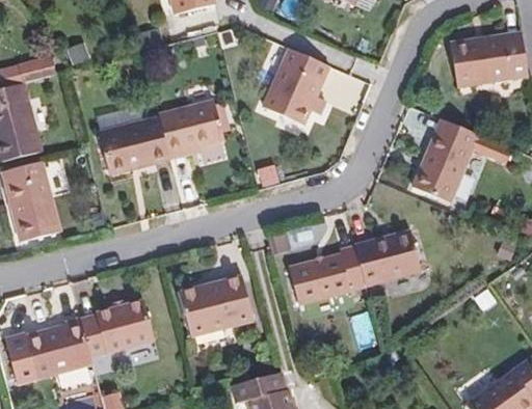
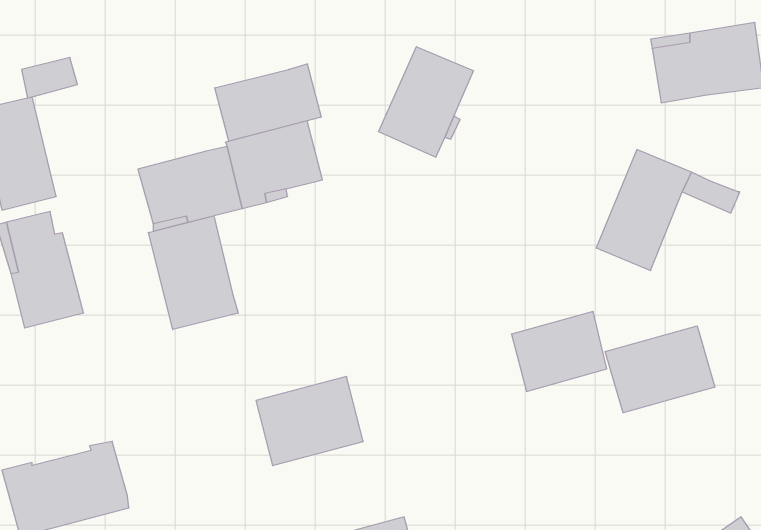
building: none -> [215,64,321,141]
building: none -> [148,216,238,330]
building: none -> [605,326,715,413]
building: [289,245,365,304] -> none
building: [80,299,154,356] -> none

